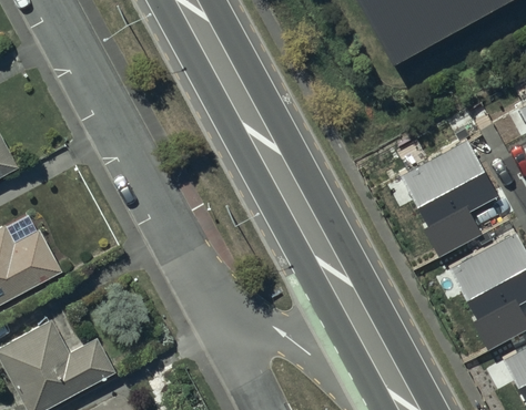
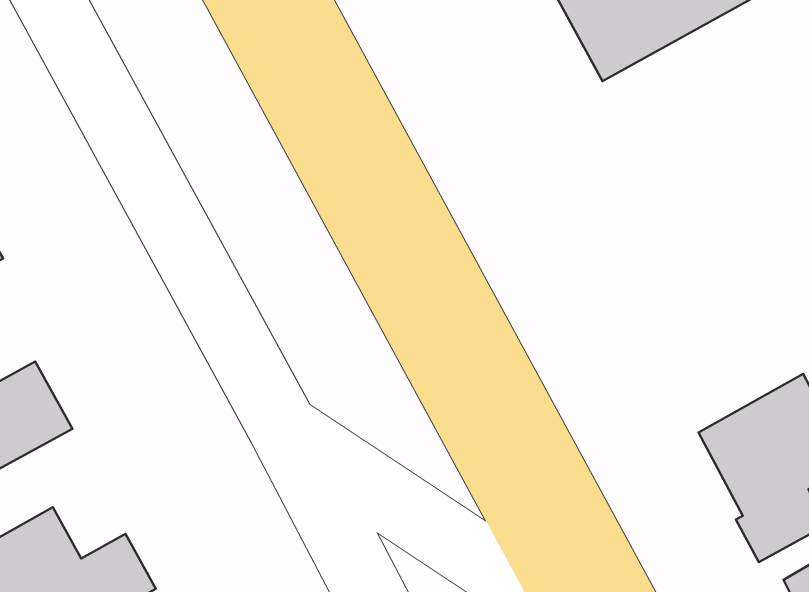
building: [404,144,502,262] -> none

